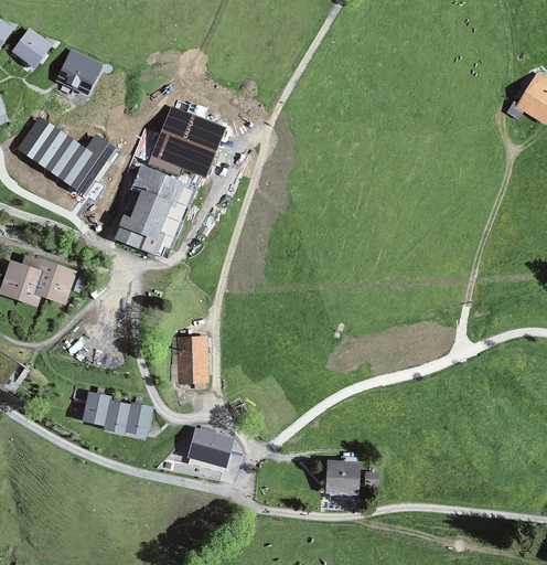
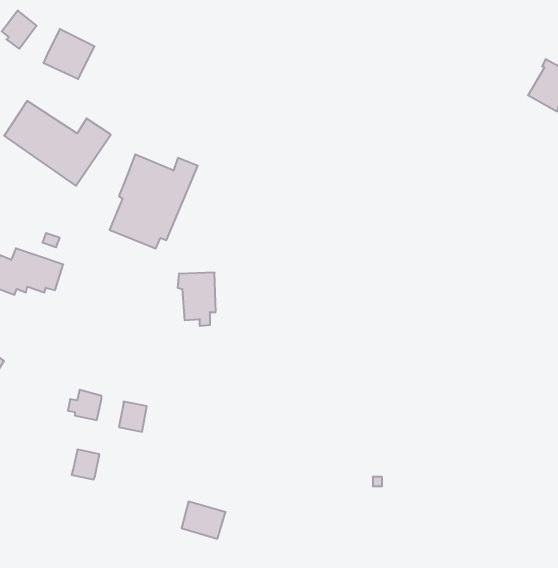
building: [147,99,226,177] -> none
building: [173,337,210,387] -> [178,273,216,326]
building: [104,399,130,428] -> [72,449,99,480]
building: [190,429,232,465] -> [182,502,226,539]
building: [330,463,355,498] -> none

